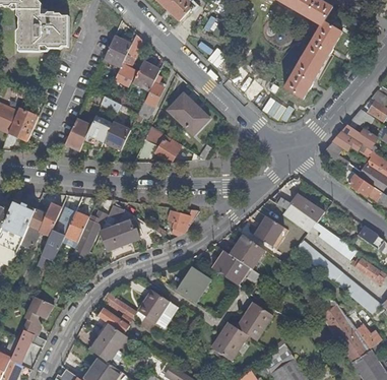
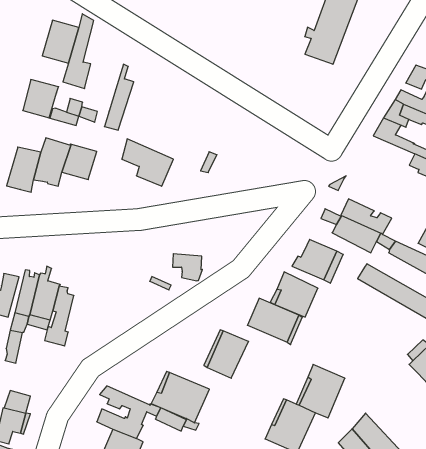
building: [132,61,159,89] -> [23,80,59,118]
building: [168,92,207,133] -> none
building: [101,218,139,250] -> none

